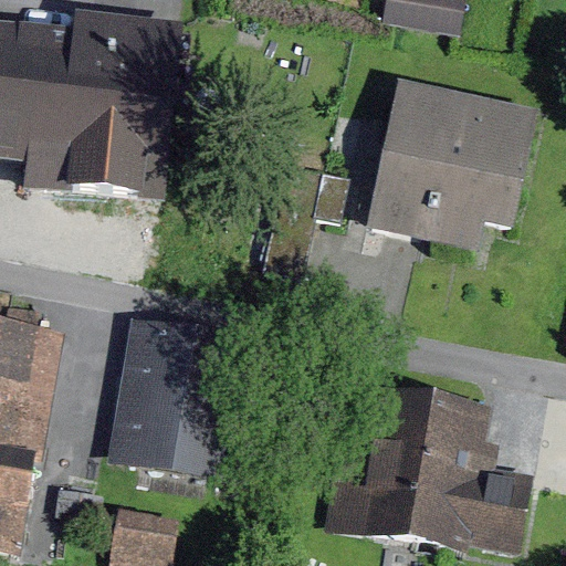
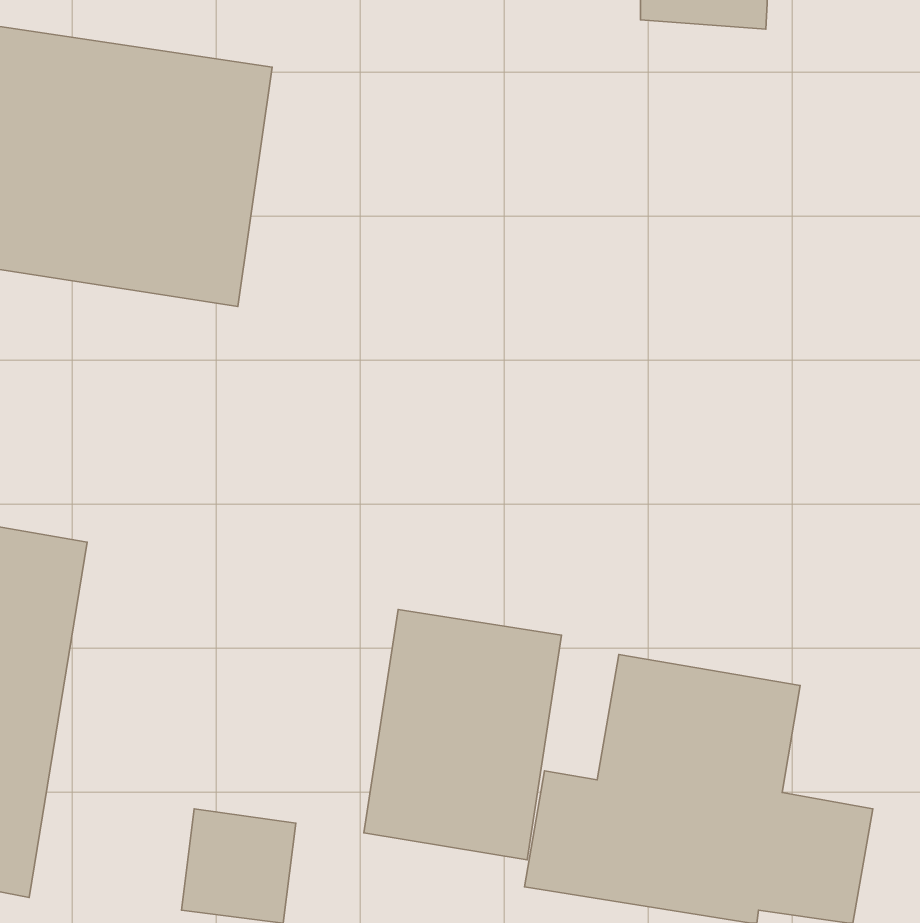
building: [370,84,534,238] -> none
building: [119,327,240,480] -> [364,610,562,860]

